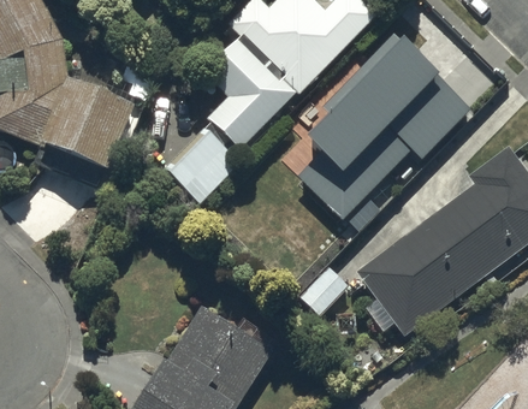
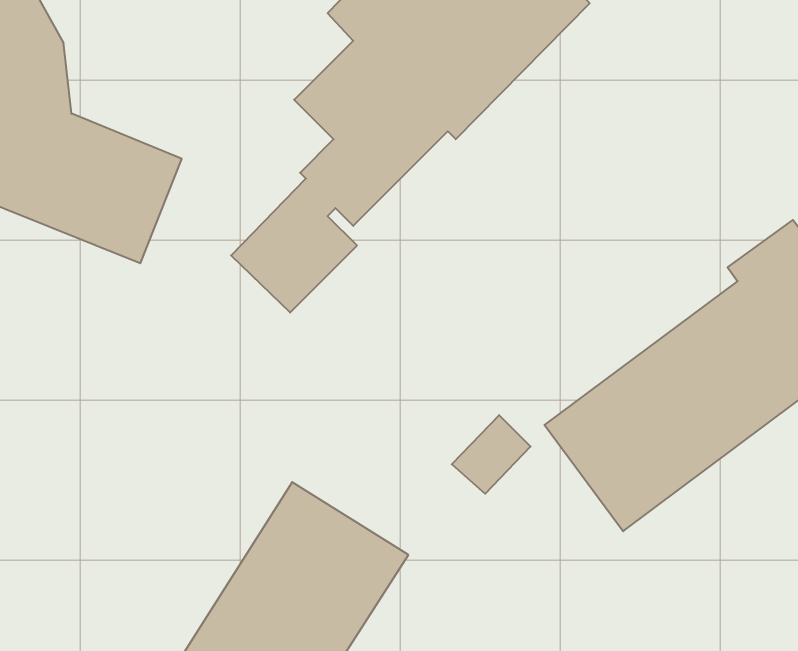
building: [297,31,470,218] -> none

